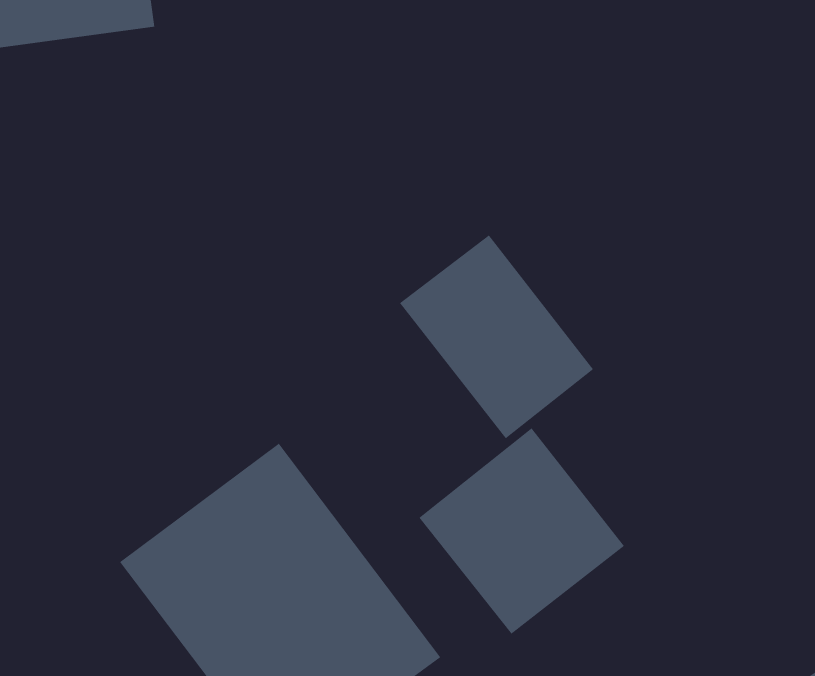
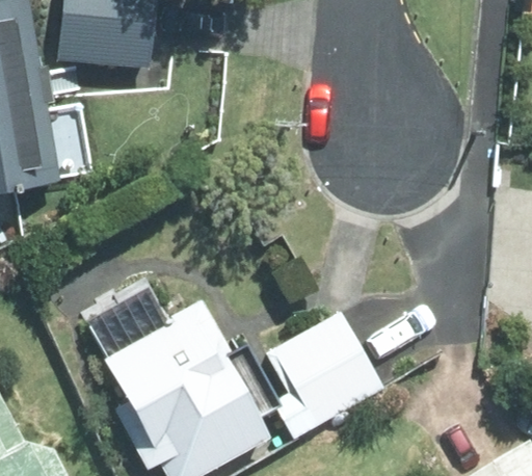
building: [399,234,594,439] -> none

